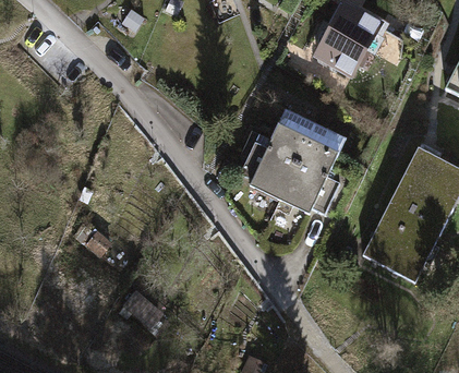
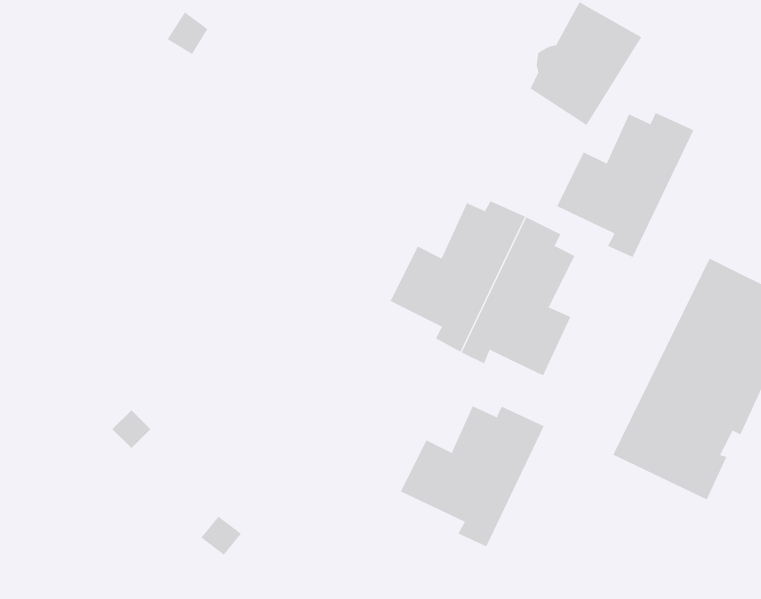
building: none -> [556,112,694,258]
building: none -> [400,406,545,547]

